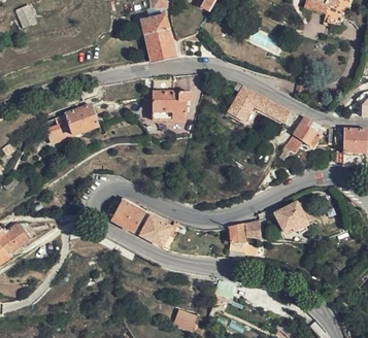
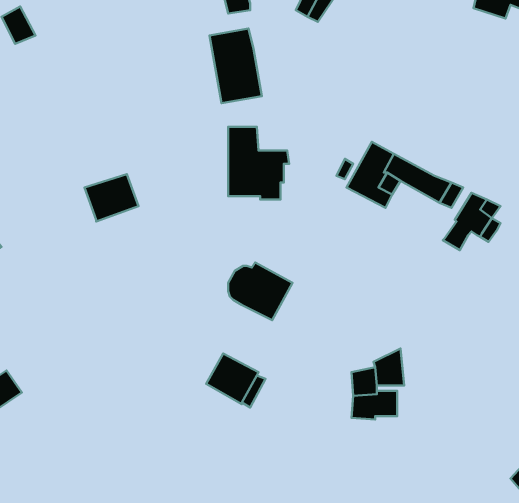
building: [46,115,73,143] -> none
building: [108,198,147,233] -> [228,263,292,320]
building: [273,201,307,233] -> none

